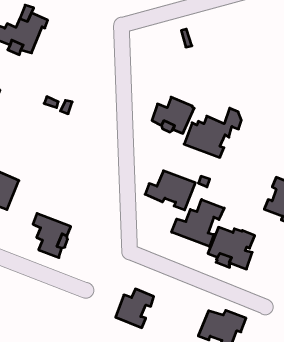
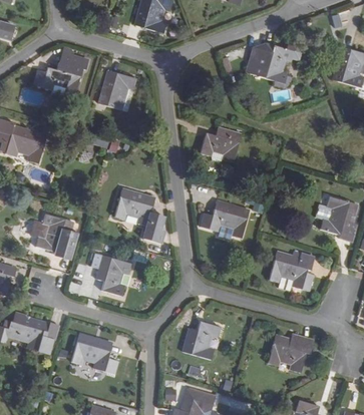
building: none -> [98,71,135,108]
building: [184,108,241,157] -> [246,32,301,82]
building: none -> [114,187,164,244]
building: [172,199,224,247] -> none
building: none -> [71,333,112,369]

